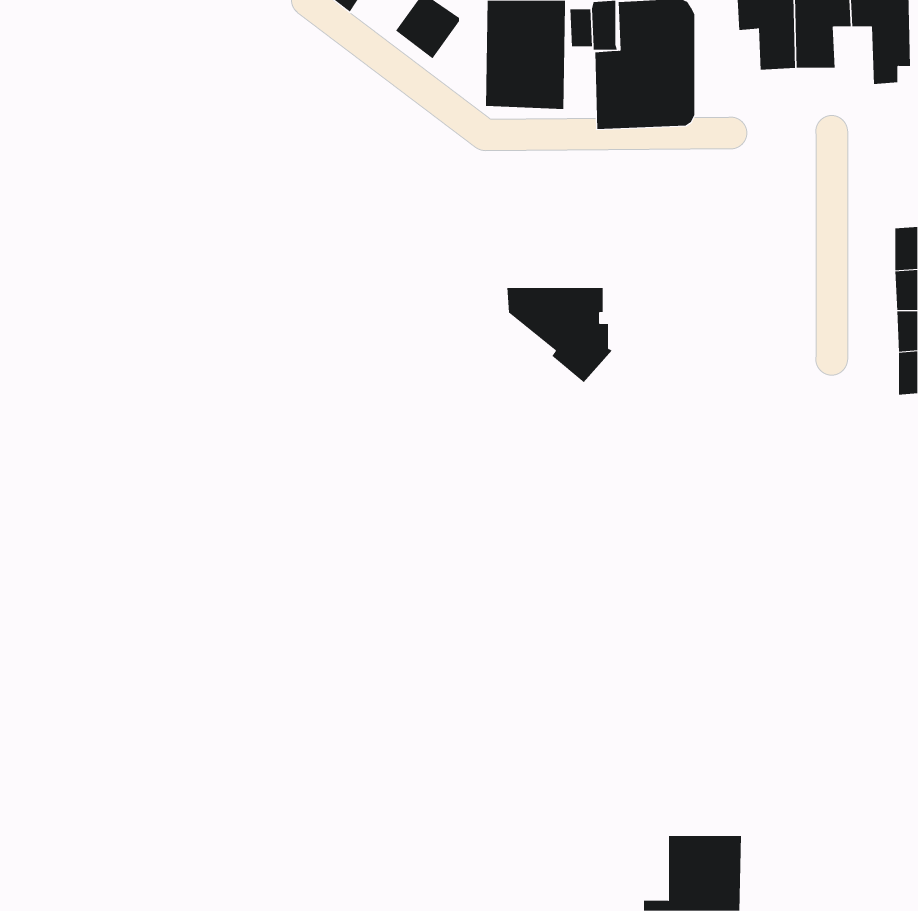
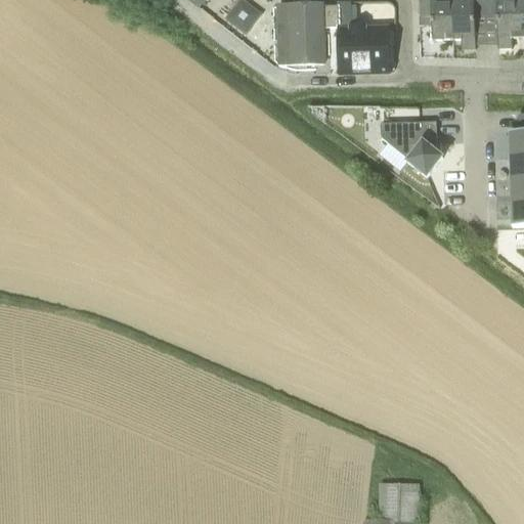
building: [507,288,613,383] -> [381,124,441,178]

